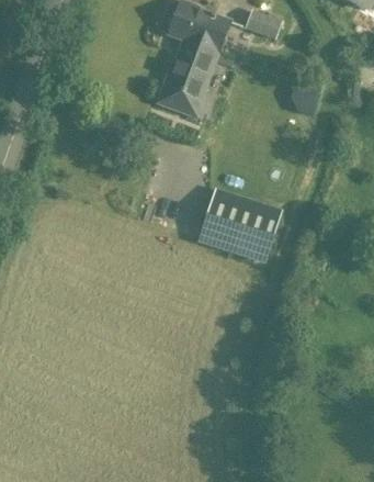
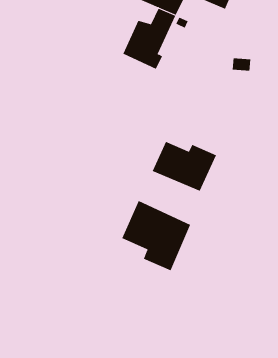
building: none -> [121,200,191,271]

